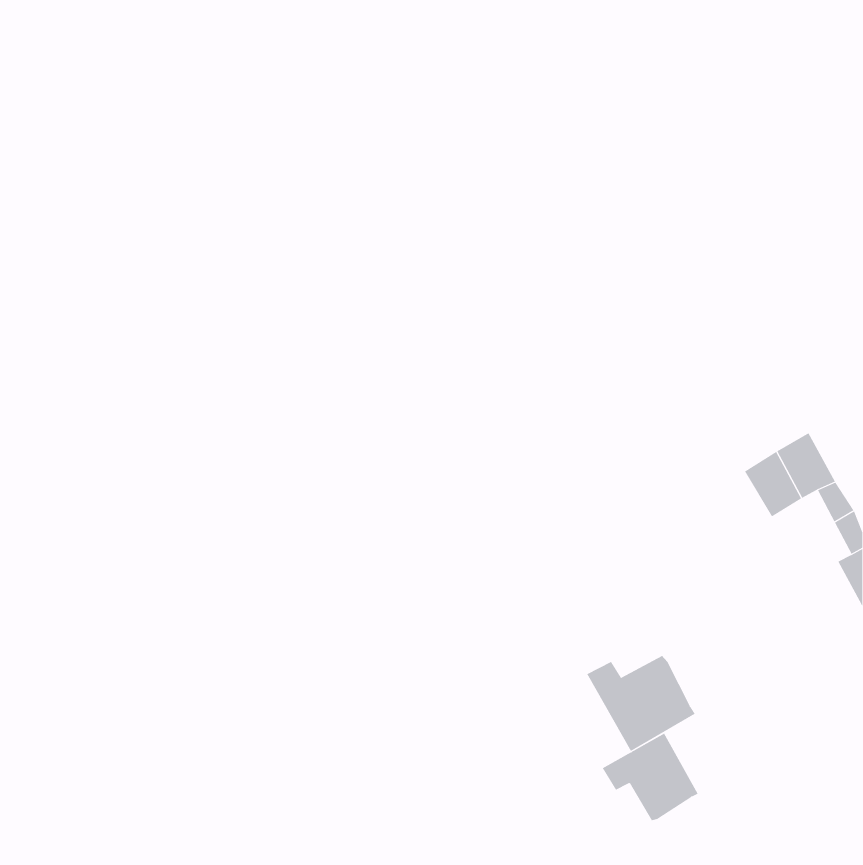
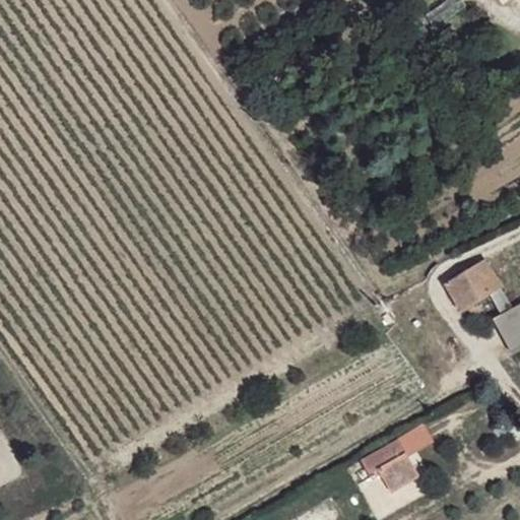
building: [587,655,695,752] -> none

